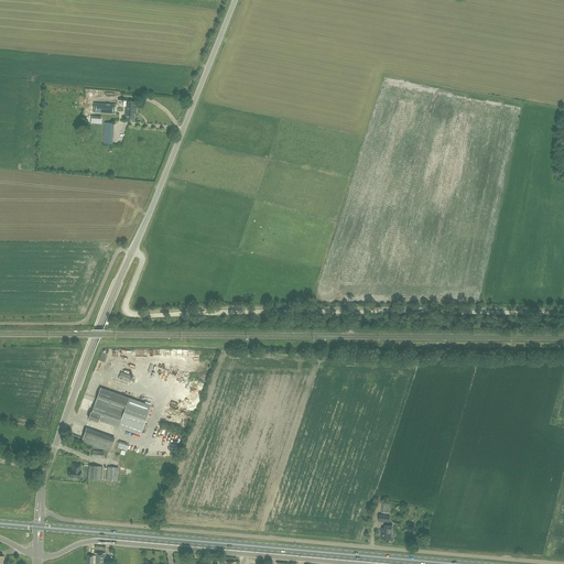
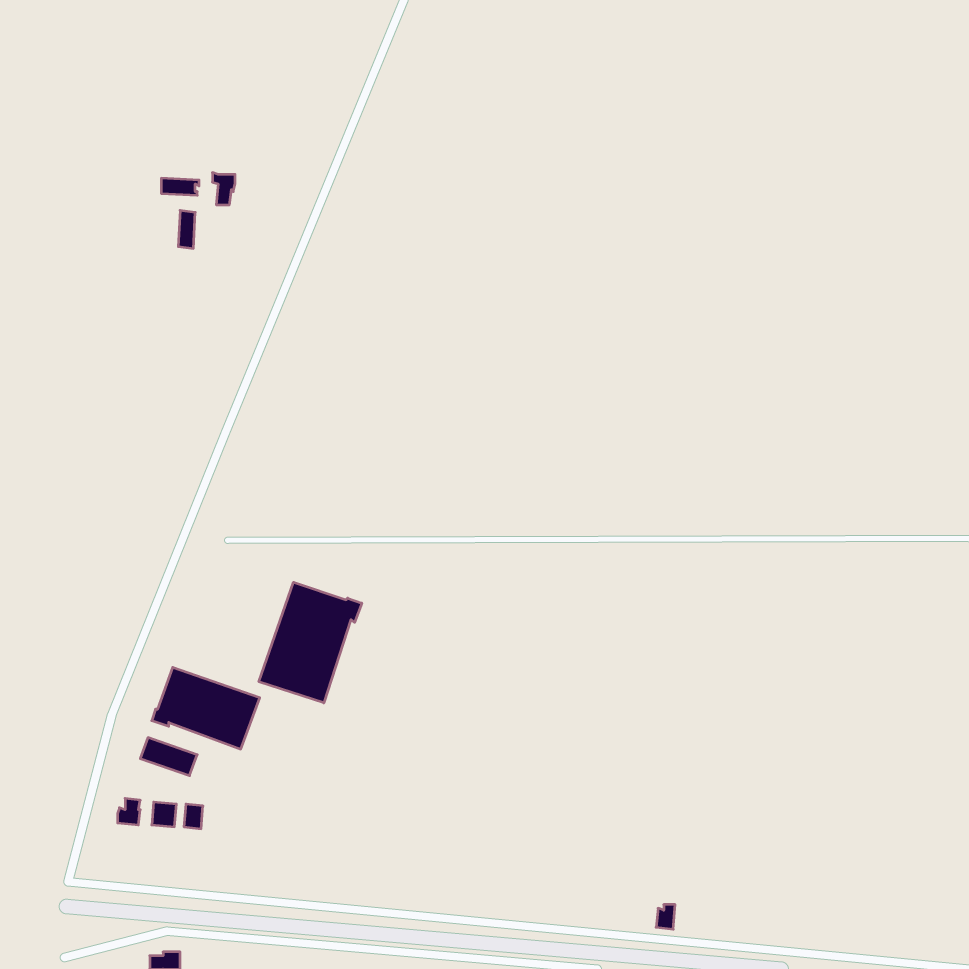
building: none -> [259,582,362,703]

